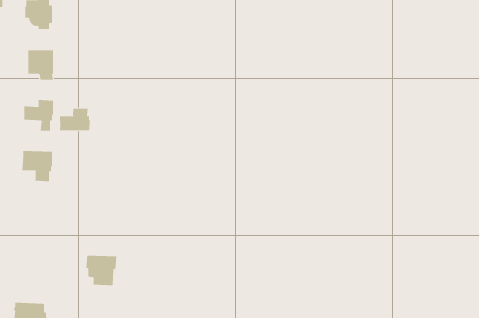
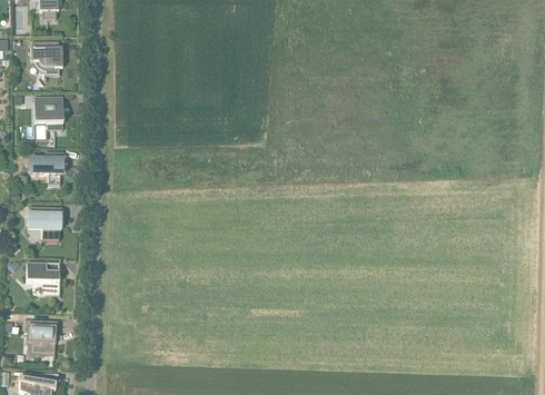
building: [59,108,90,131] -> none
building: none -> [26,261,59,295]
building: [86,255,117,292] -> [23,318,58,358]

